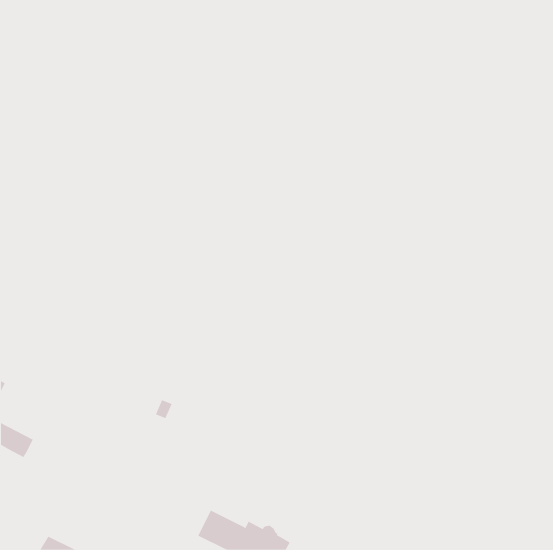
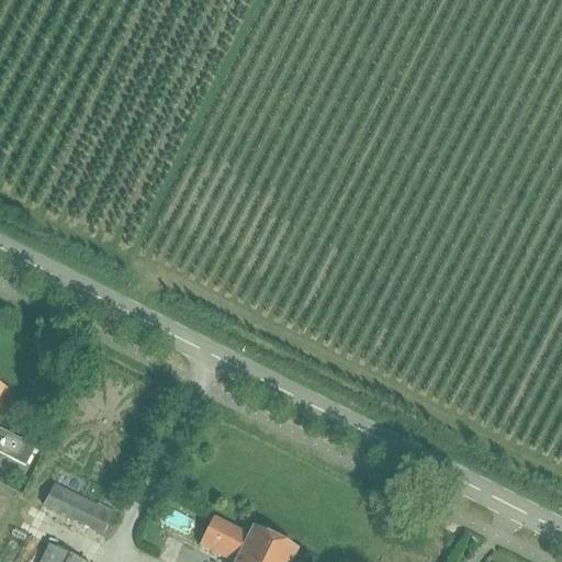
building: none -> [44,484,113,532]

